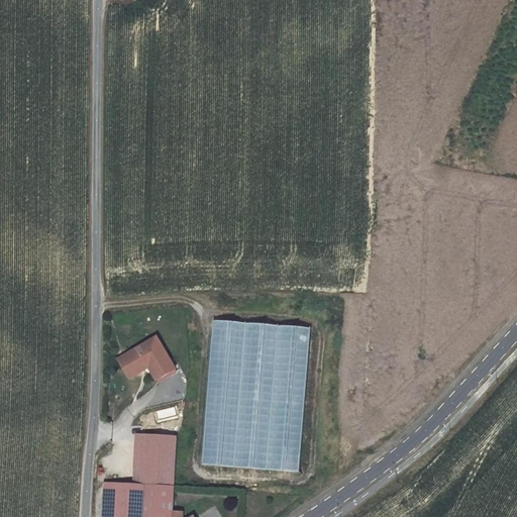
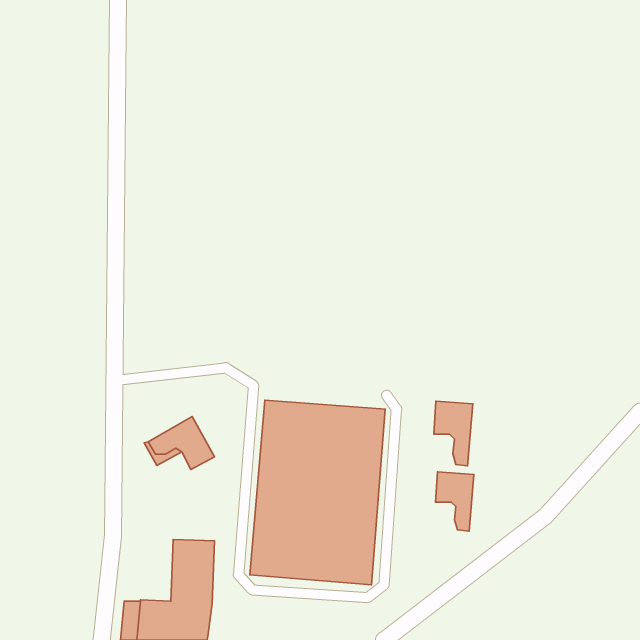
building: none -> [434,401,473,466]
building: none -> [436,472,474,531]

